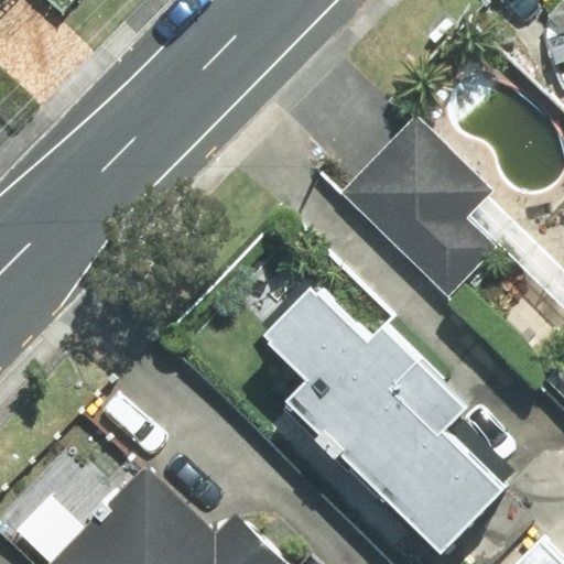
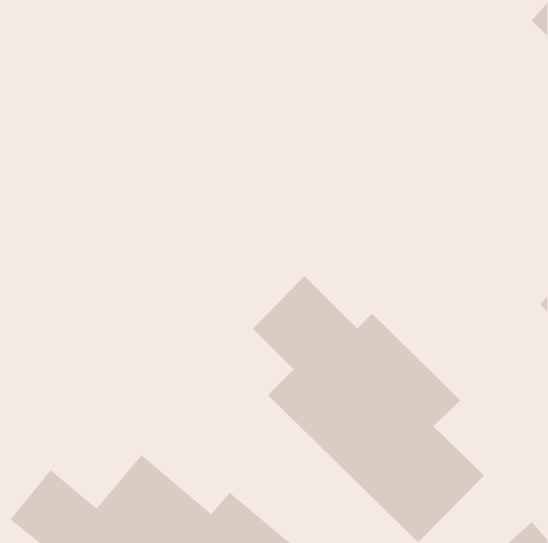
building: [334,101,506,310] -> none

